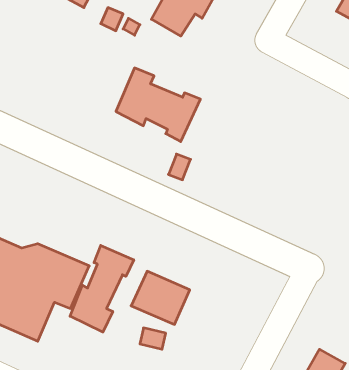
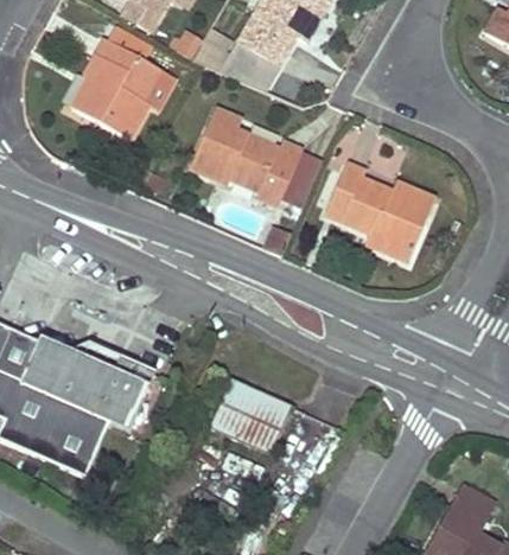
building: none -> [72,37,177,138]
building: none -> [325,160,435,261]
building: [70,245,134,332] -> none

